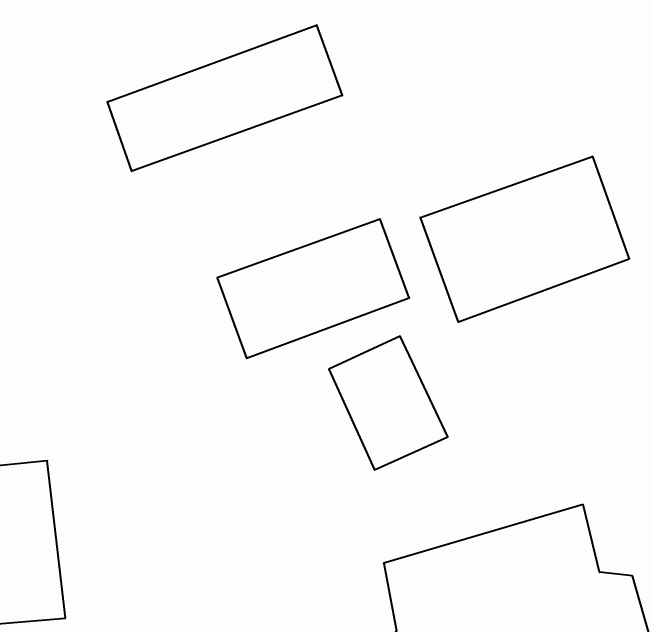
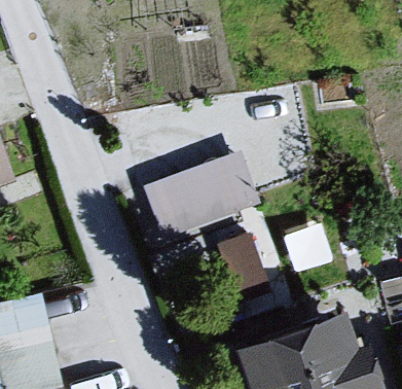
building: [107,25,342,171] -> none
building: [420,156,629,322] -> none

